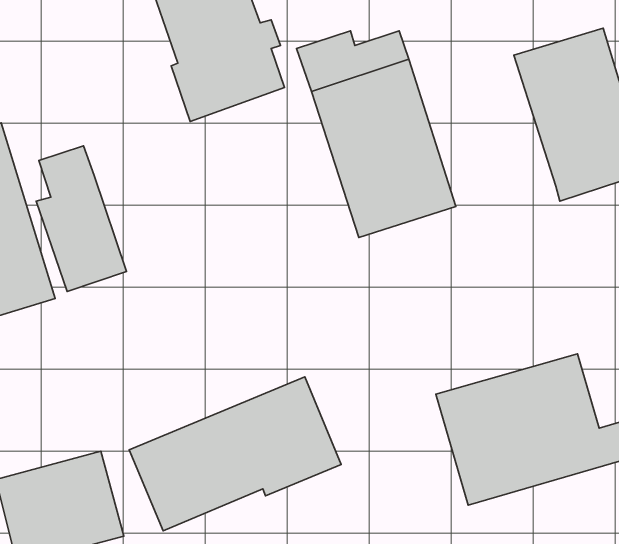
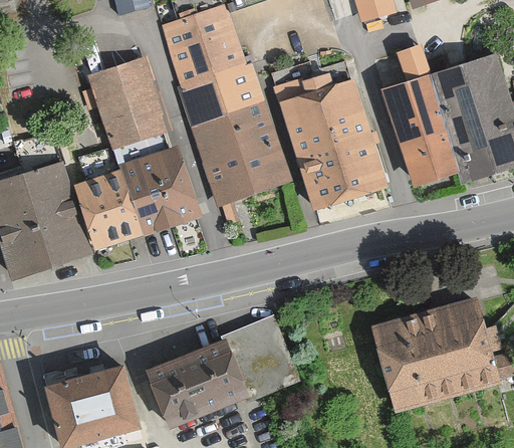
building: none -> [382,43,461,188]
building: none -> [87,56,169,148]
building: none -> [189,99,287,205]
building: none -> [117,146,200,236]

